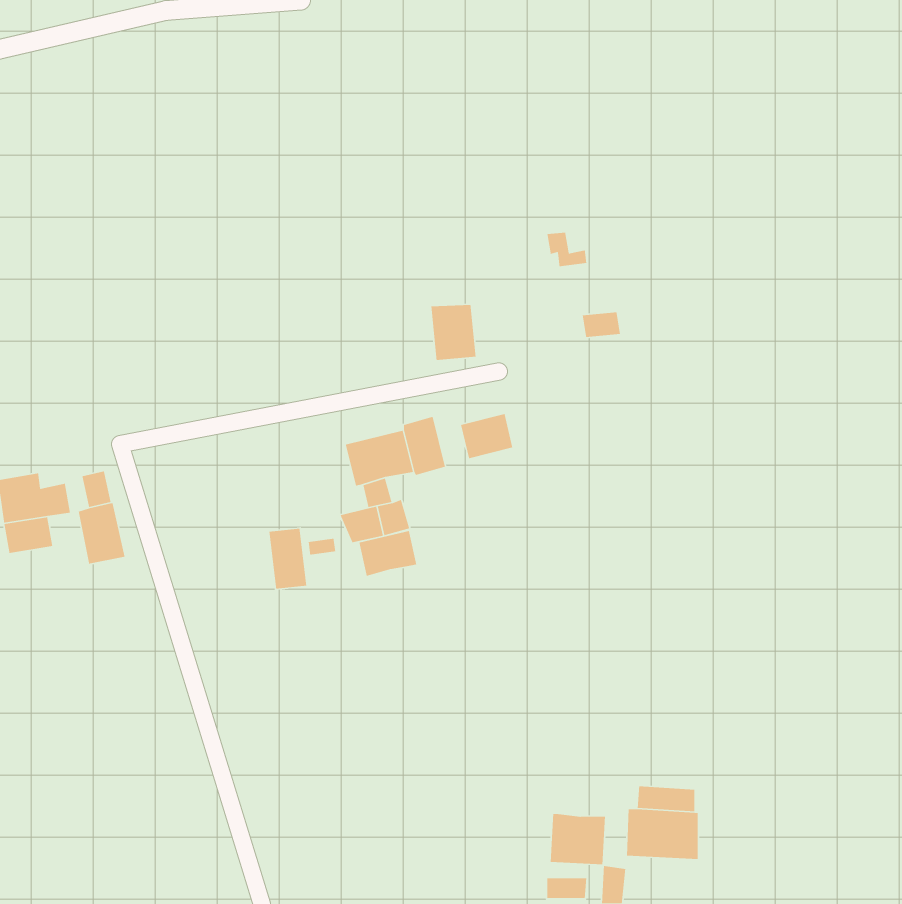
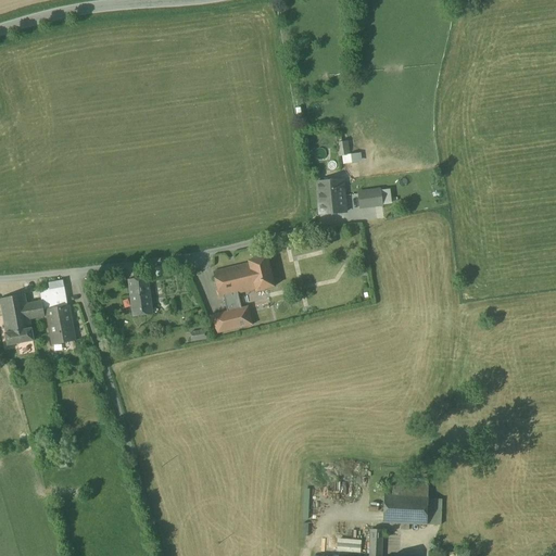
building: [431,304,477,361] -> [316,180,344,215]
building: [460,413,513,459] -> none
building: [268,528,307,590] -> [127,278,151,316]
building: [358,530,417,577] -> none
building: [550,813,606,865] -> none

